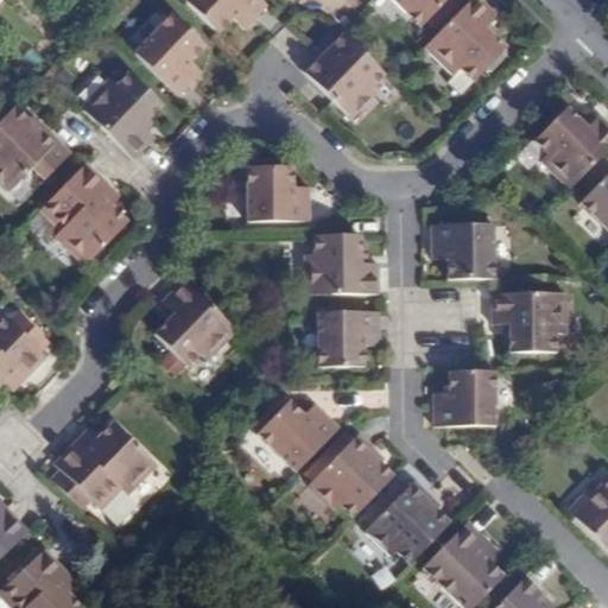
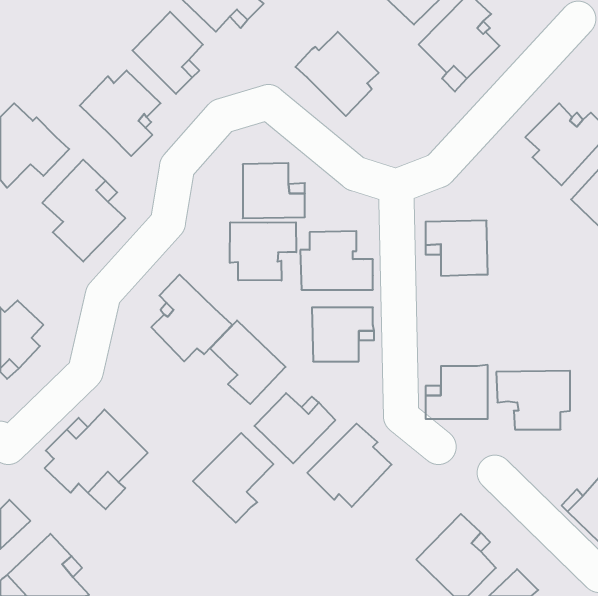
building: none -> [230,222,296,281]
building: [490,292,565,352] -> [496,371,570,429]
building: none -> [210,320,286,404]
building: none -> [193,433,273,523]
building: [366,479,450,563] -> none

